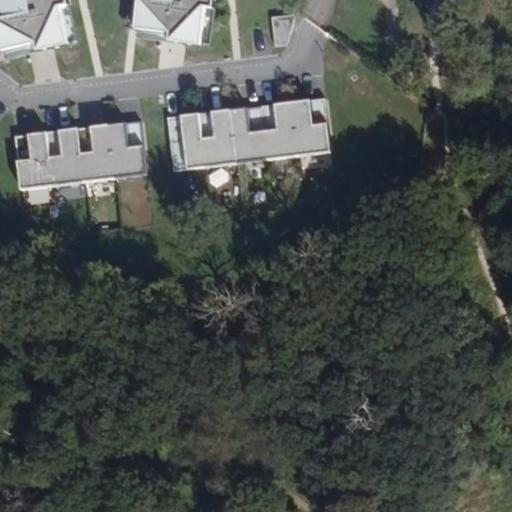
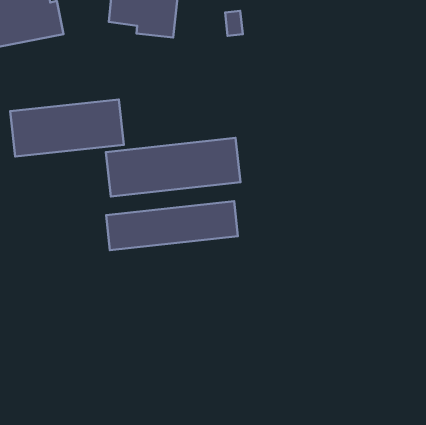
building: [166,100,327,170] -> [106,138,241,196]
building: none -> [106,201,238,250]

